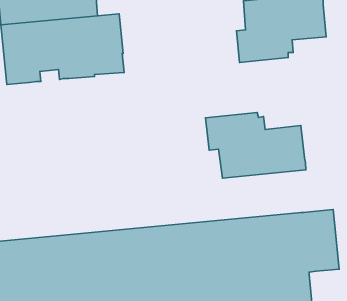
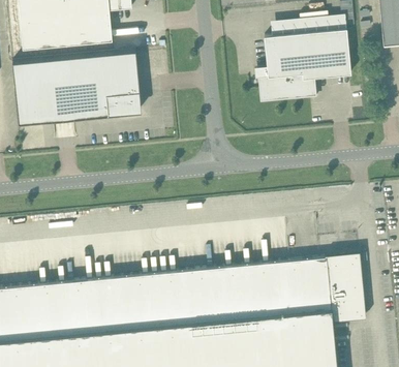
building: [206,112,306,178] -> none

